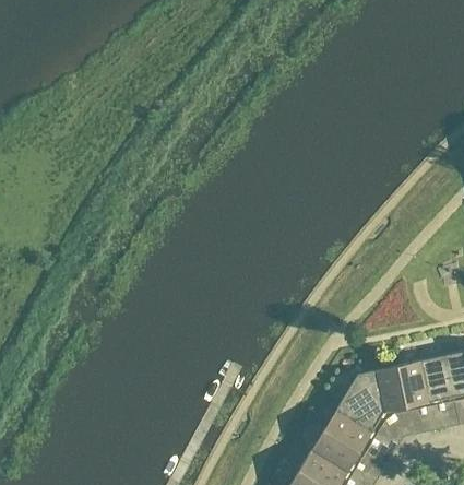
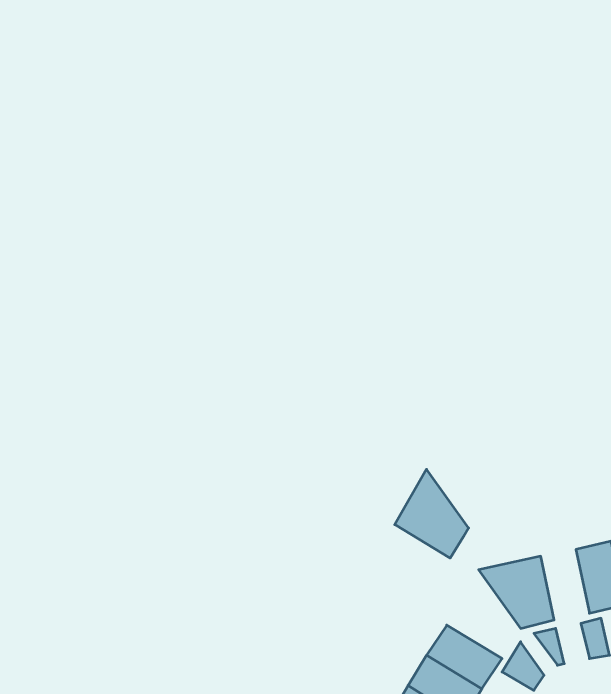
building: [397,363,429,409] -> none
building: [336,376,384,434] -> [395,469,469,558]

